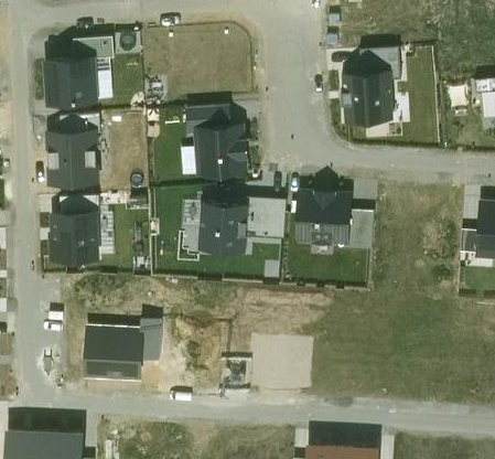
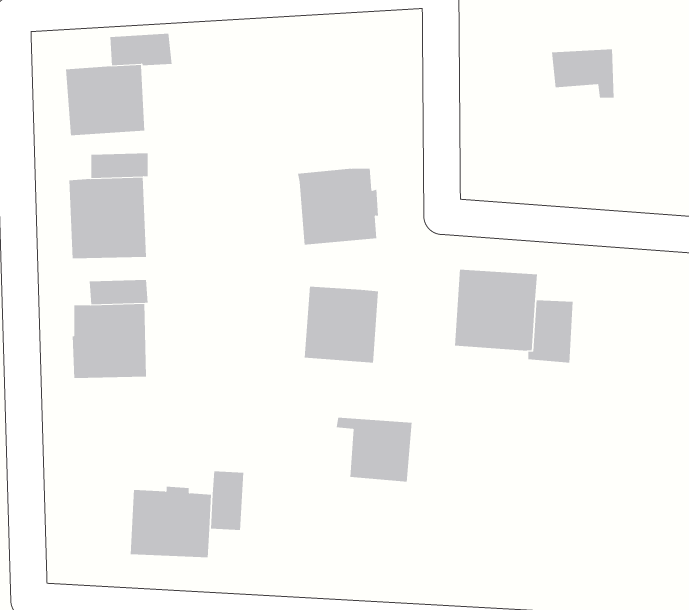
building: [342,72,391,121] -> none
building: [185,106,229,135] -> none
building: [236,198,286,239] -> [336,417,412,482]

